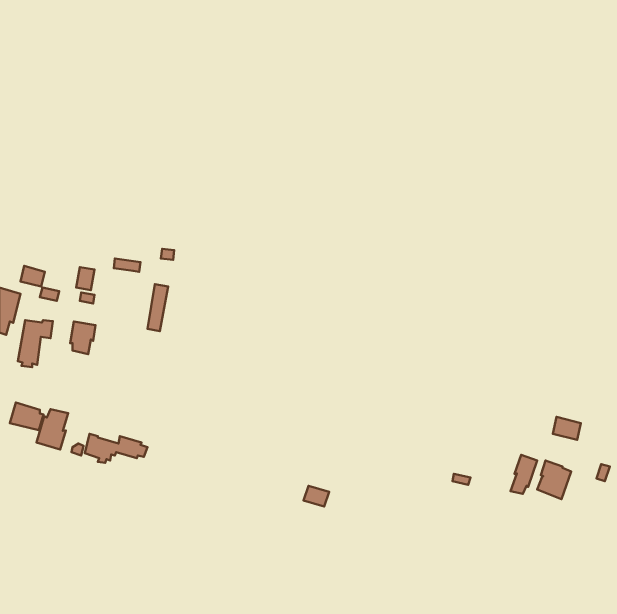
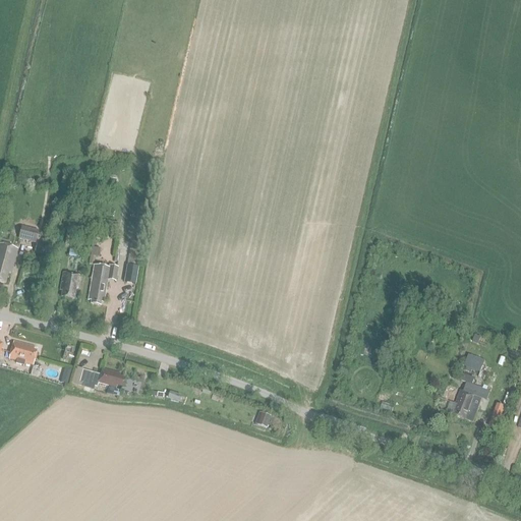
building: [18,320,53,367] -> [88,264,117,303]
building: [36,409,68,450] -> none
building: [511,455,537,494] -> none

